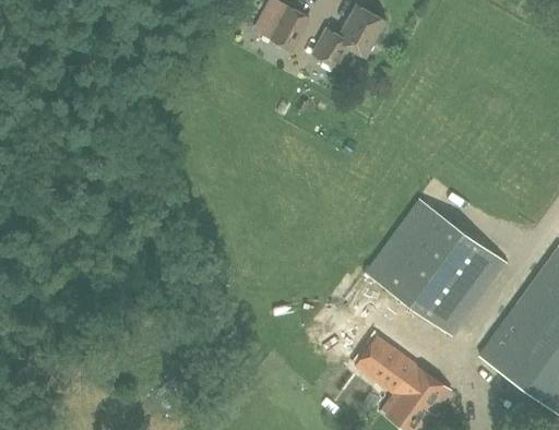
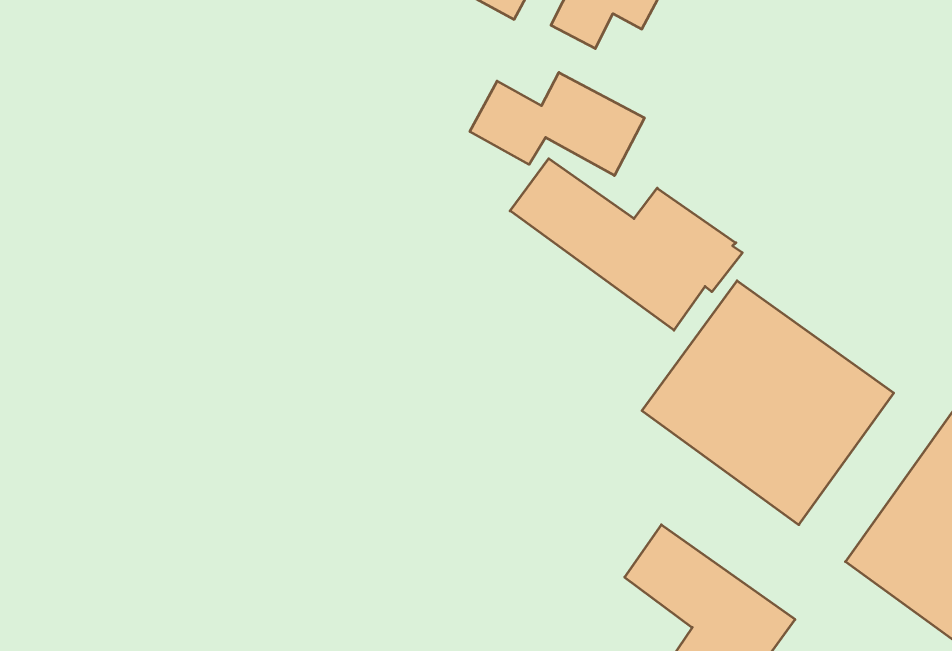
building: none -> [470,72,644,176]
building: none -> [510,159,742,330]

